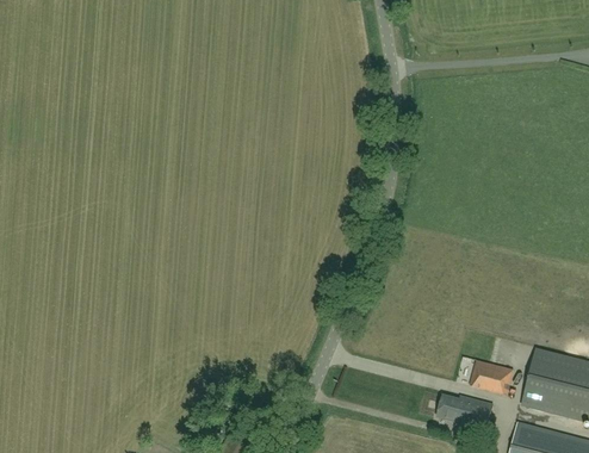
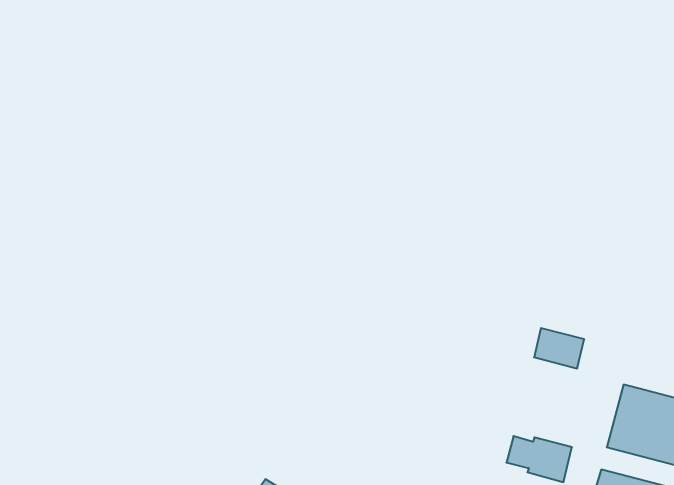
building: [470,360,513,395] -> [534,328,584,368]

